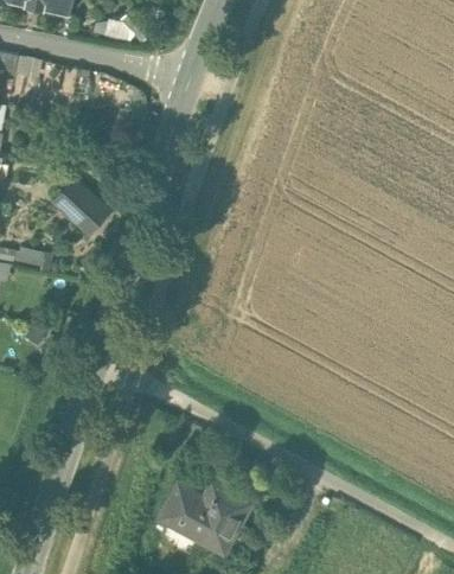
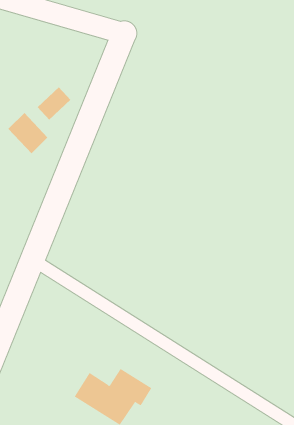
building: none -> [37,86,71,120]

